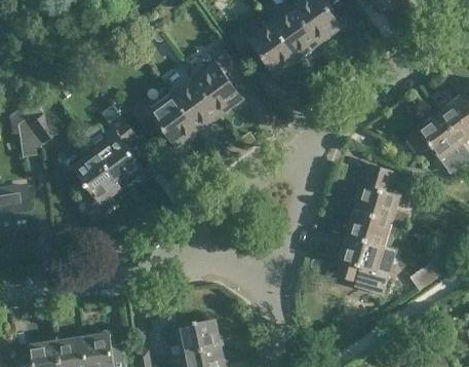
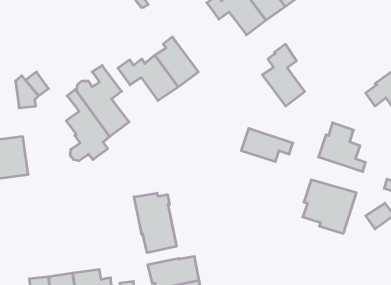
building: [196,45,243,114] -> [262,44,305,106]
building: [347,209,404,246] -> [241,128,293,162]
building: none -> [134,193,176,253]

